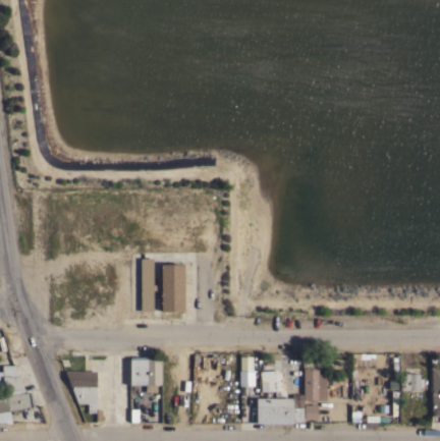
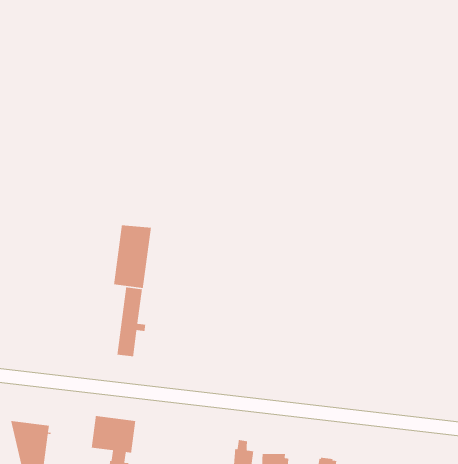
building: [162,264,185,312] -> [113,224,152,289]

